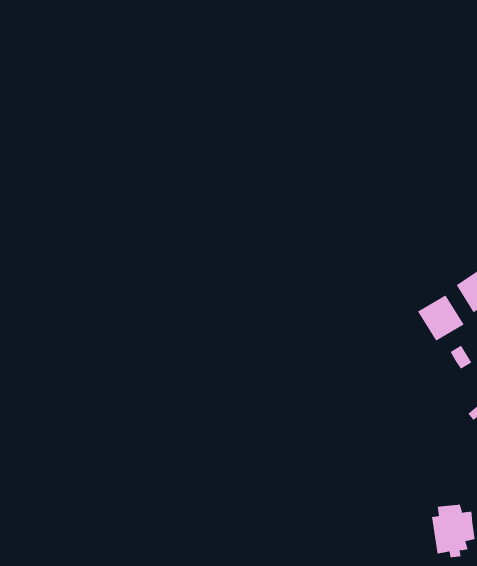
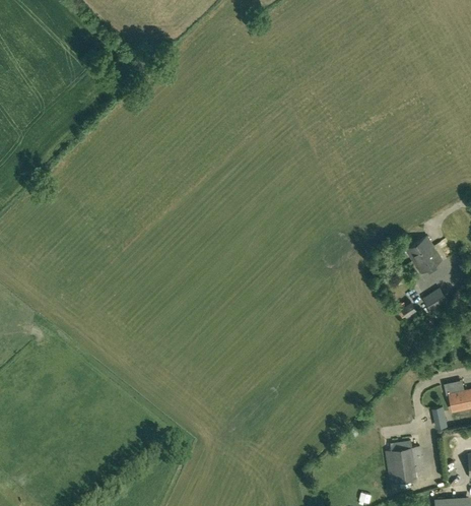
building: [417,295,464,341] -> none

